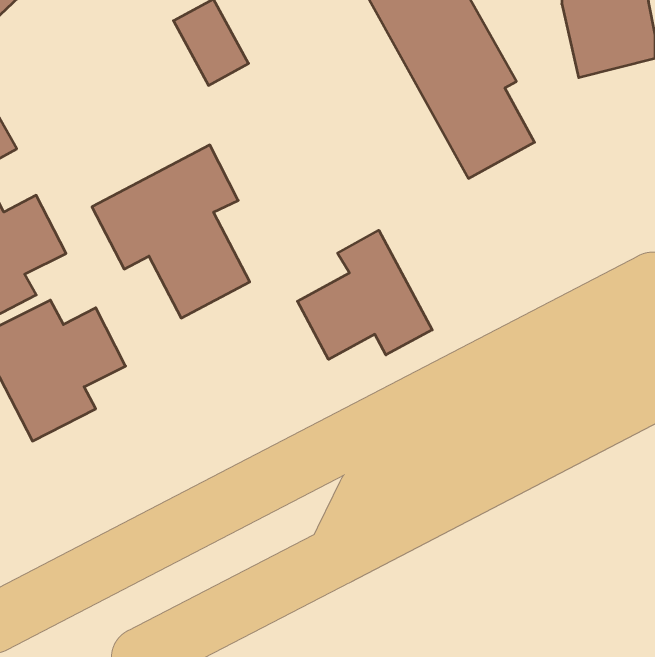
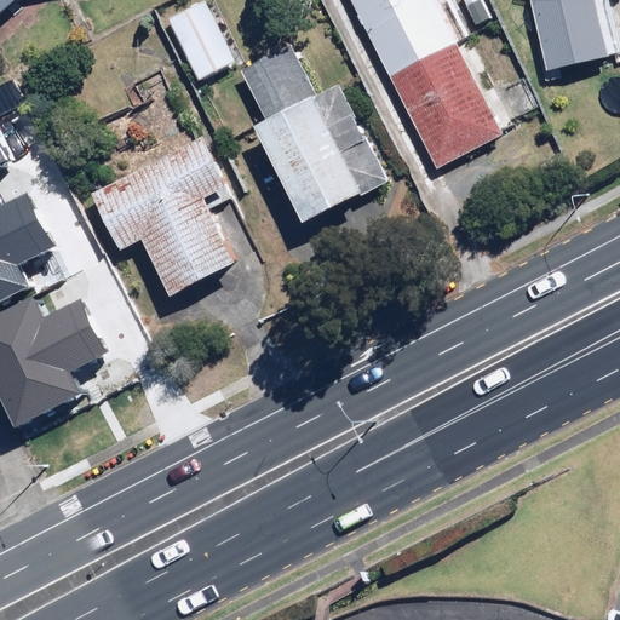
building: none -> [242,46,390,229]
building: [297,230,432,359] -> none

